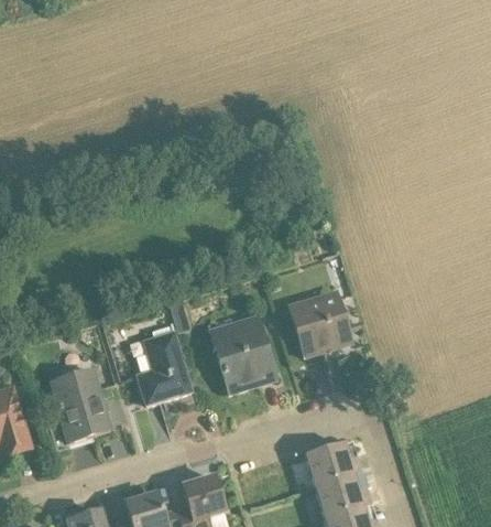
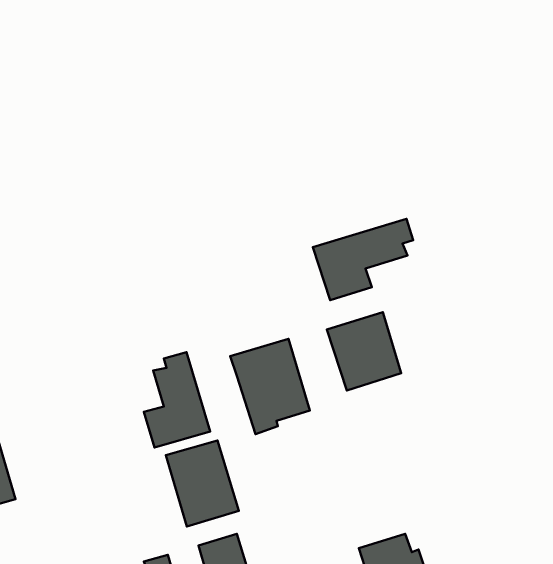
building: none -> [313,219,413,300]
building: [52,370,112,442] -> [166,440,239,527]
building: [305,441,361,488] -> none

